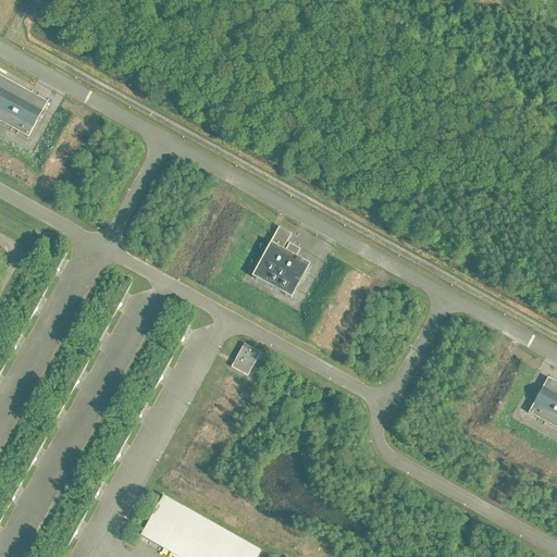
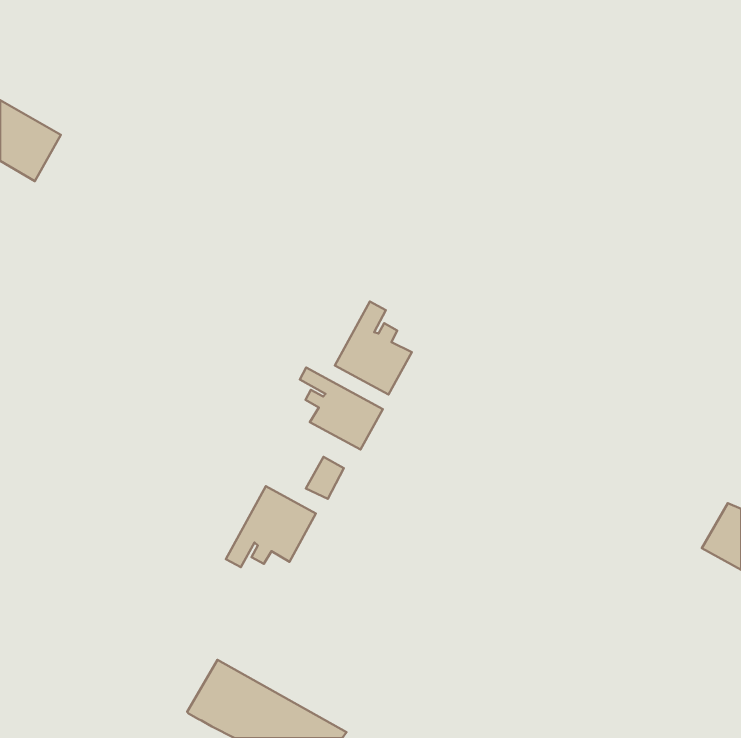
building: none -> [300,368,383,450]
building: none -> [226,486,316,567]

